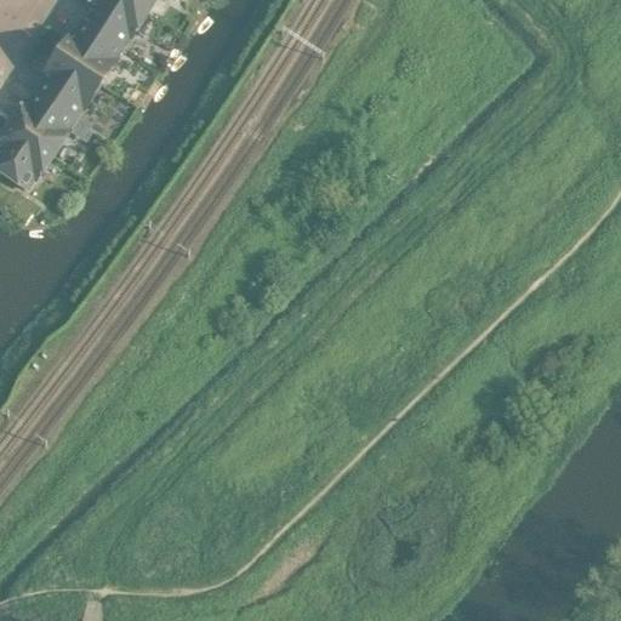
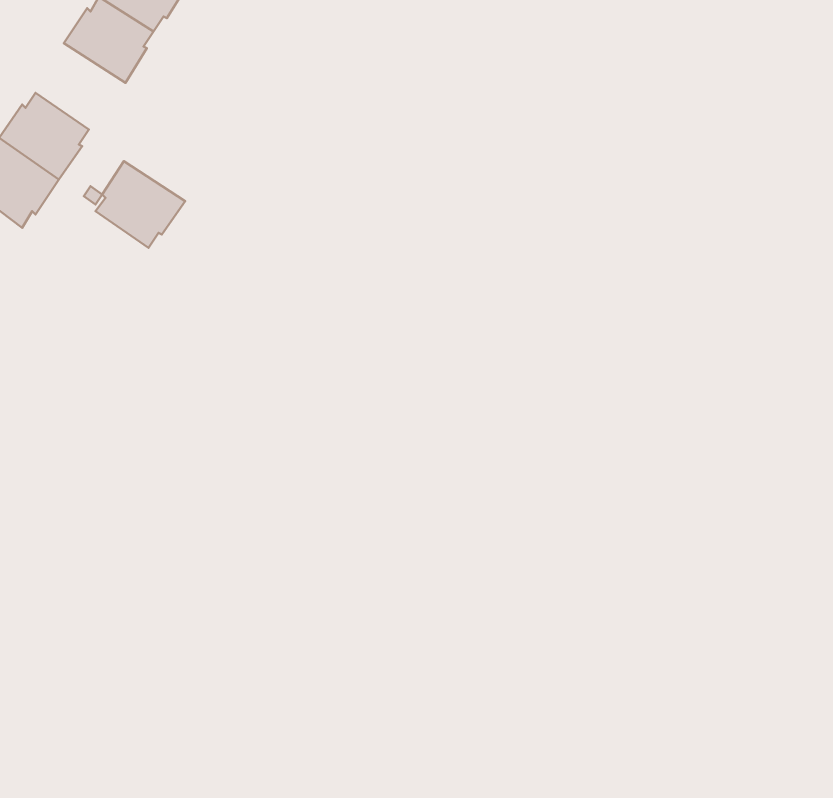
building: [34,56,99,119] -> [95,161,185,248]

